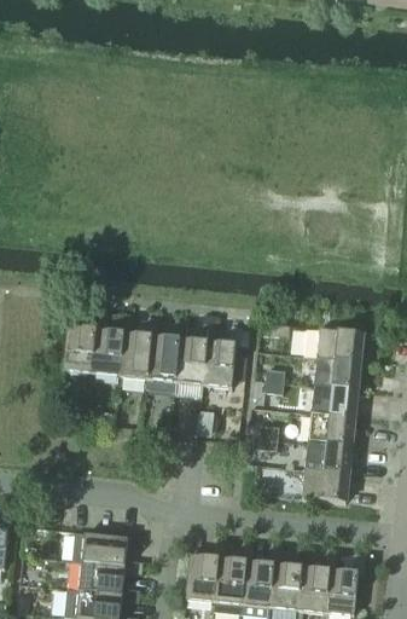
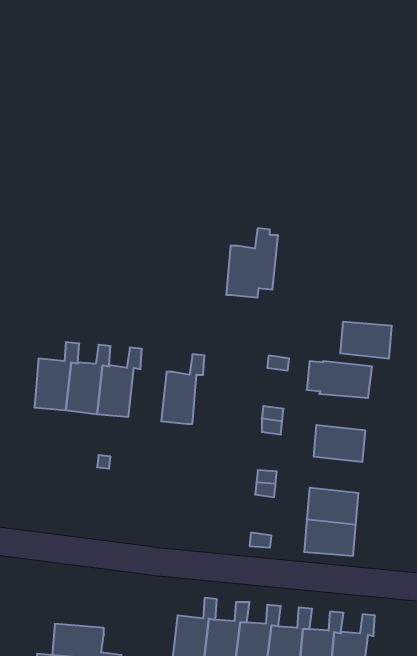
building: [145,322,187,393] -> none
building: [203,326,249,388] -> [226,228,278,298]
building: [313,359,359,392] -> [340,322,392,359]
building: [307,415,354,447] -> none
building: [71,533,143,574] -> none

